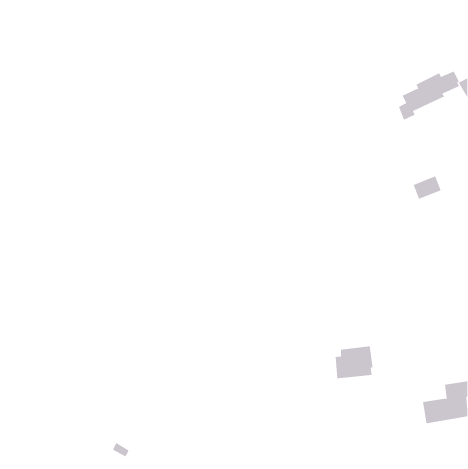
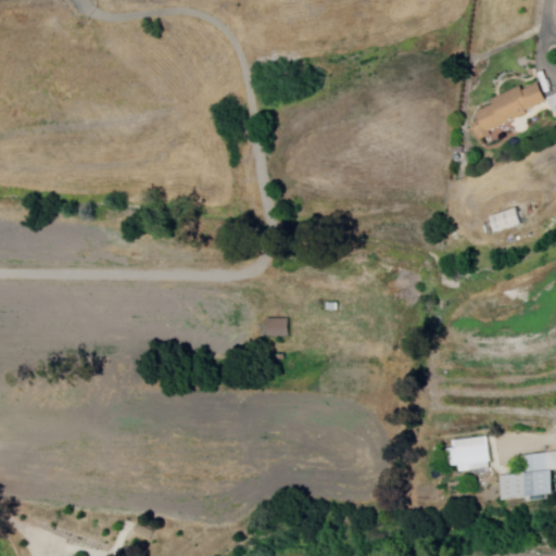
building: none -> [265,317,289,338]
building: [335,346,373,379] -> [445,434,491,473]

